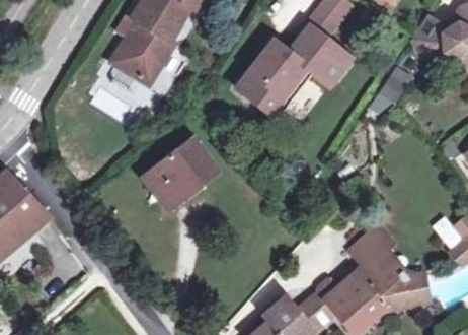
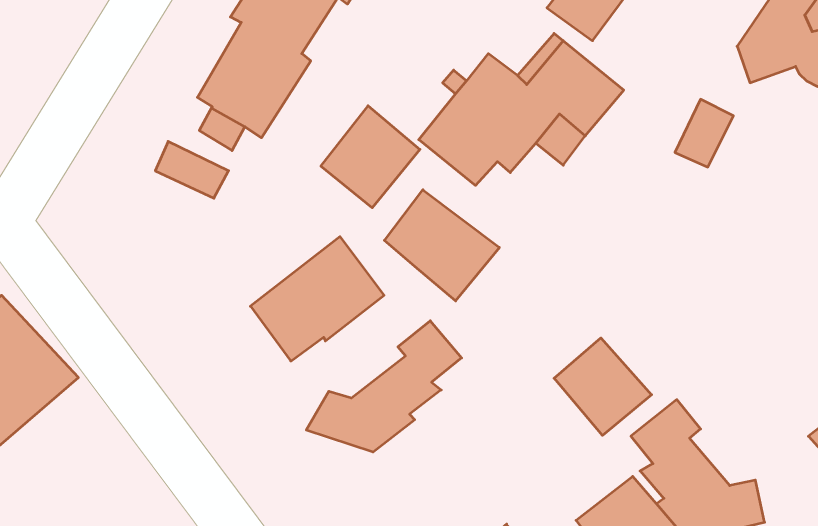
building: none -> [321,106,420,208]
building: none -> [384,190,499,301]
building: none -> [306,321,462,452]
building: none -> [554,338,652,435]

